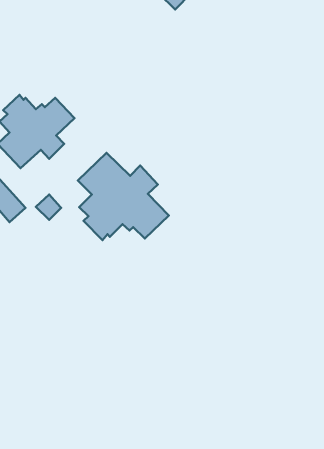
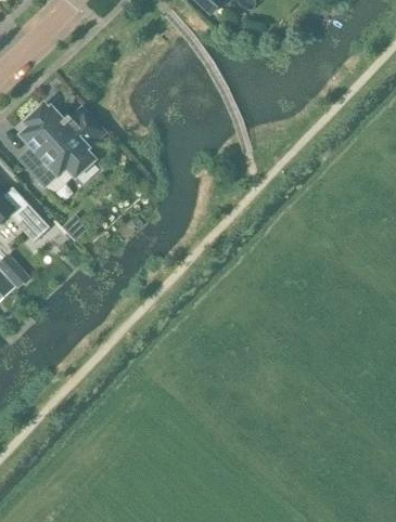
building: [78,153,169,240] -> none

